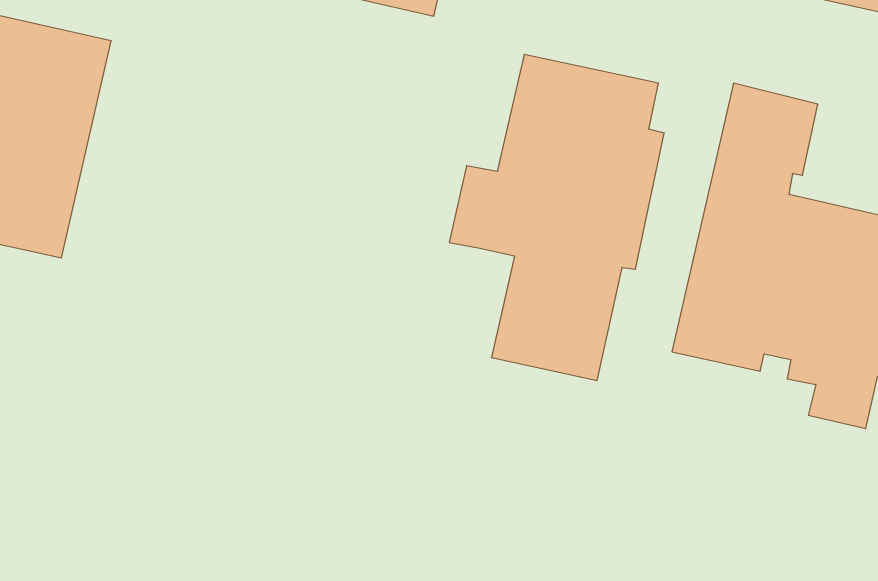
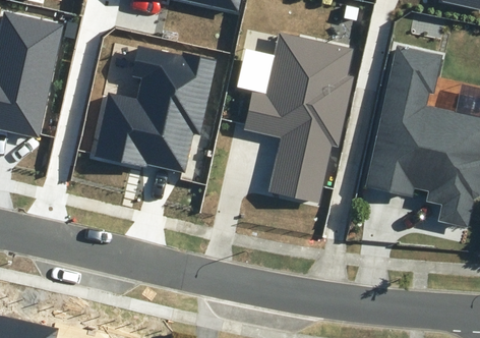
building: none -> [95,45,217,172]

